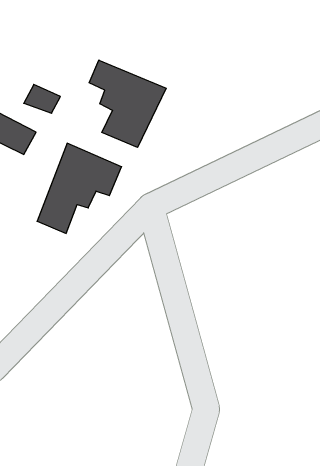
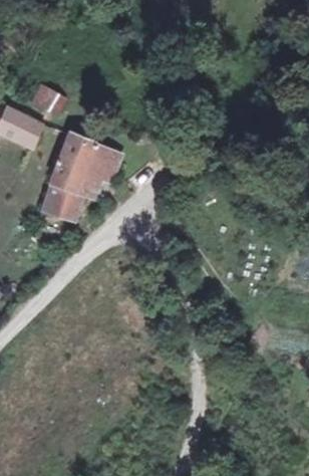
building: [89,60,166,147] -> none

